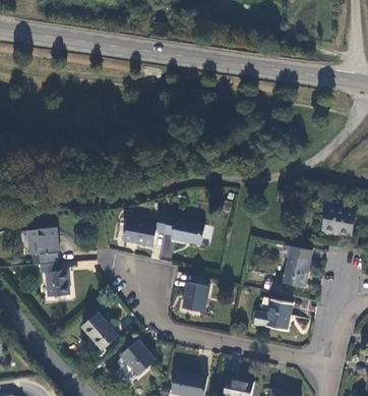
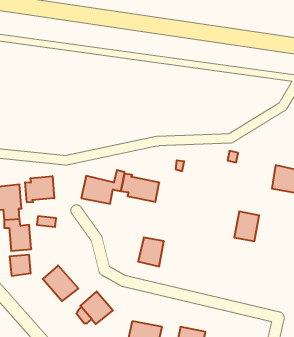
building: none -> [25,176,54,202]
building: [256,297,292,330] -> none
building: none -> [10,255,30,276]

